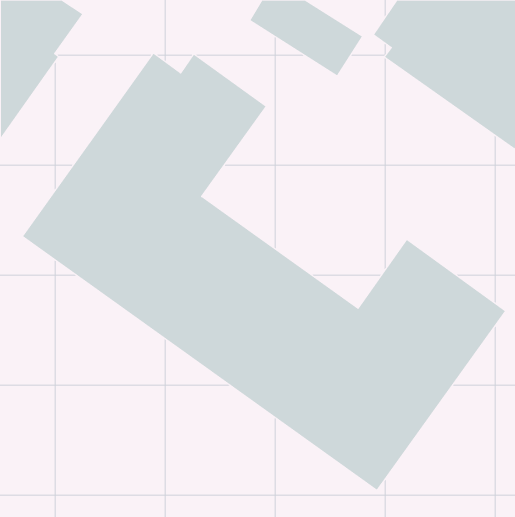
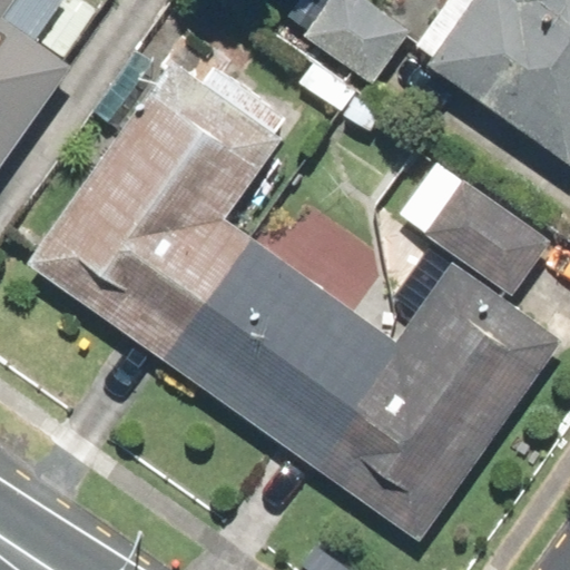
building: none -> [423,176,551,297]

